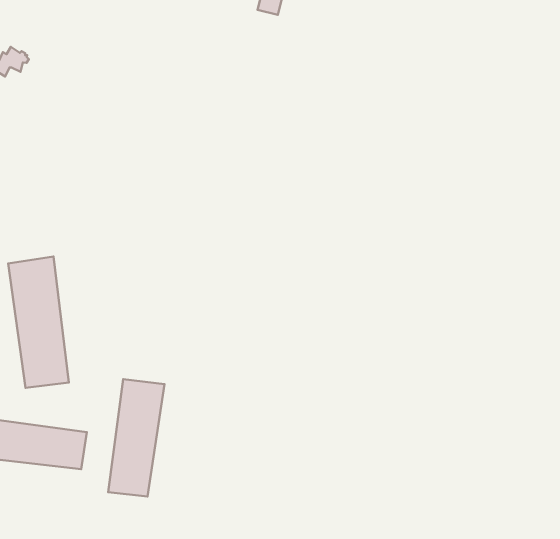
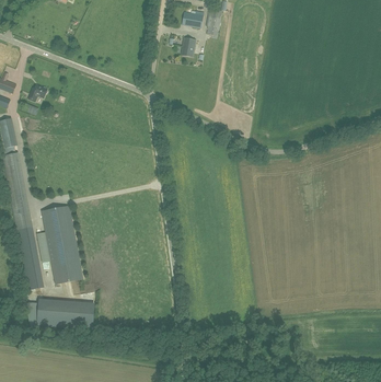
building: [108,379,165,497] -> none

